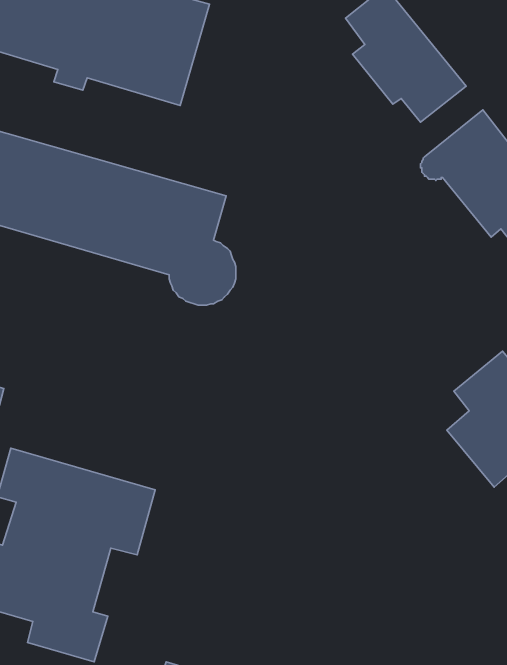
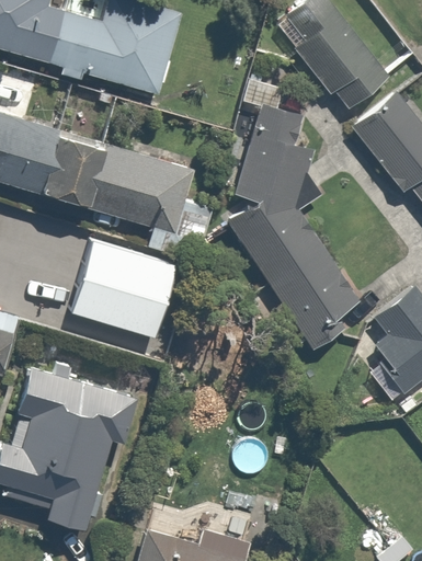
building: none -> [224,101,362,355]
building: none -> [67,237,179,341]

